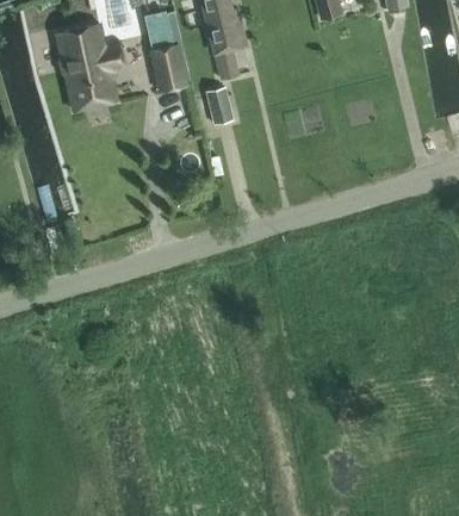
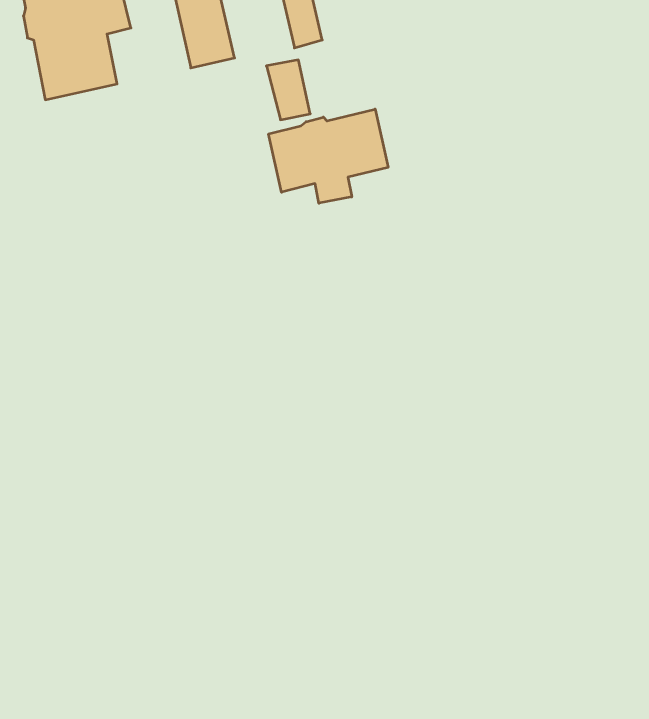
building: none -> [269,109,388,203]

